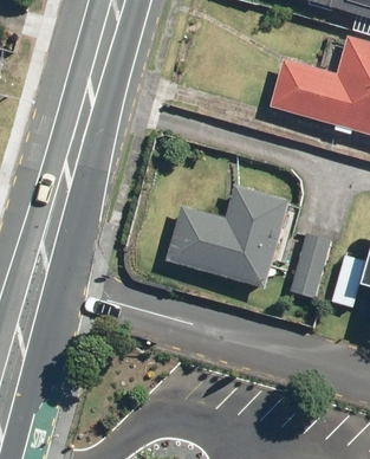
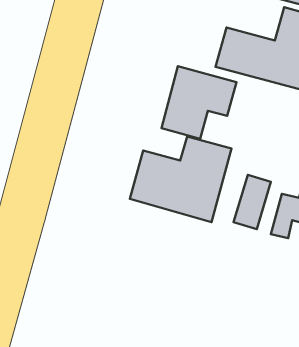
building: none -> [161,66,237,139]

